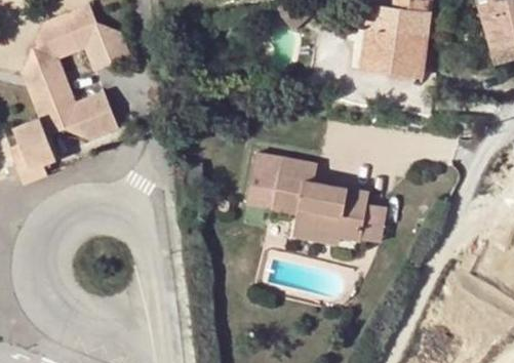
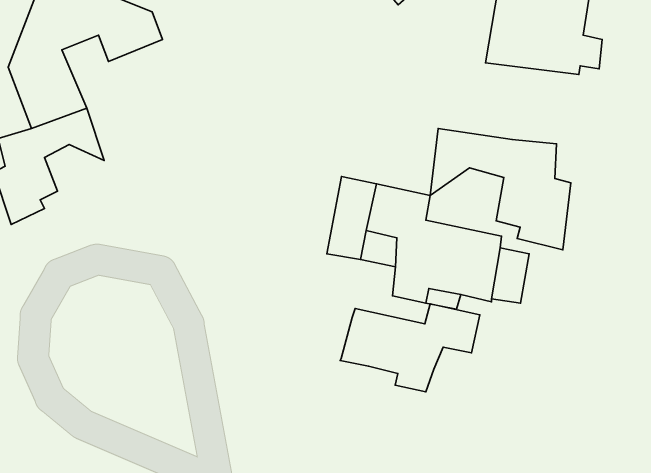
building: [77,91,117,139] -> none
building: none -> [430,129,571,250]
building: none -> [340,304,480,392]

